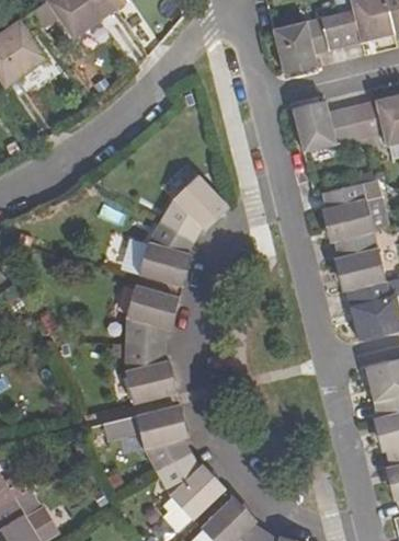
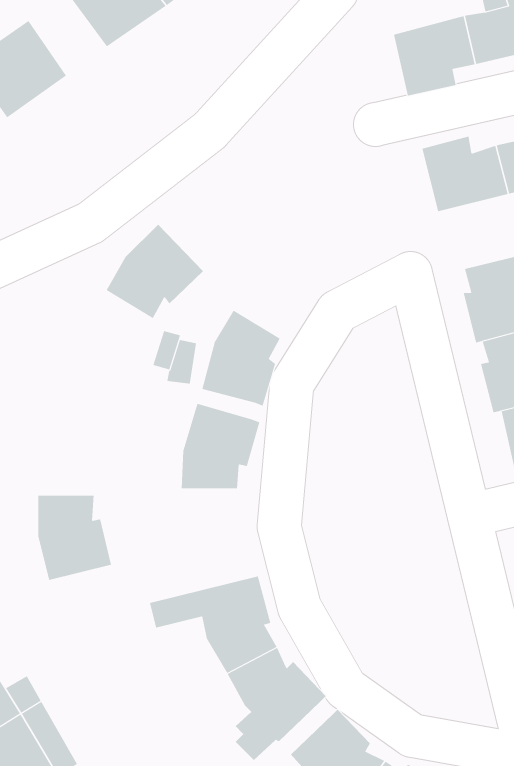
building: [162,174,230,240] -> [106,224,204,319]
building: [126,344,178,403] -> [37,495,112,581]

